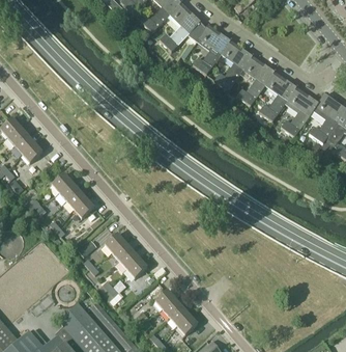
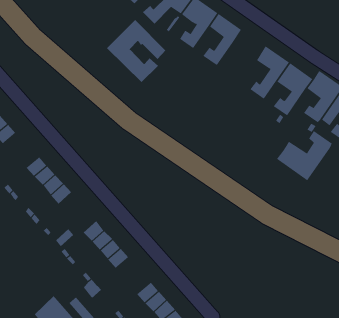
building: none -> [106,19,166,83]
building: [237,55,273,104] -> none
building: none -> [276,130,332,181]

